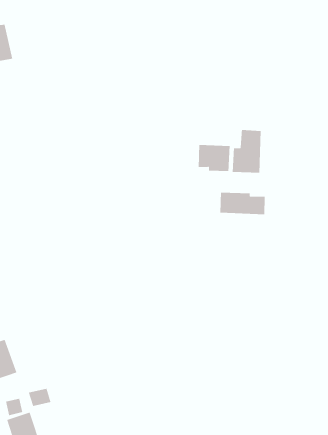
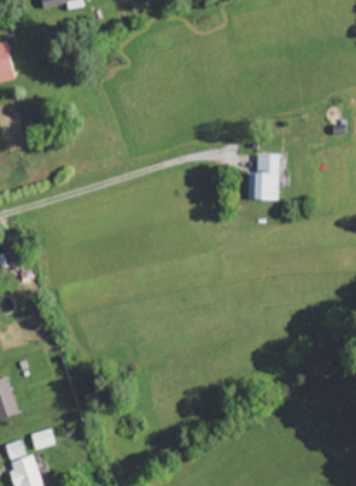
building: [198,144,230,172] -> none
building: [219,192,266,215] -> none

